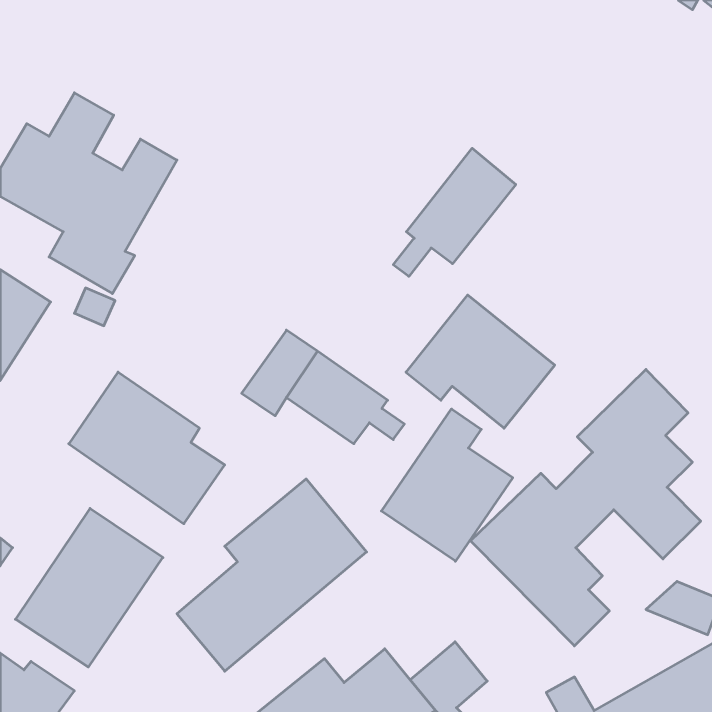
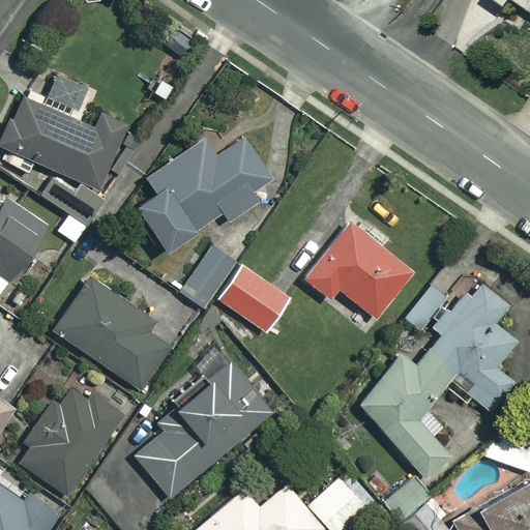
building: [393,148,516,276] -> none
building: none -> [134,139,271,251]
building: [381,409,513,561] -> none

